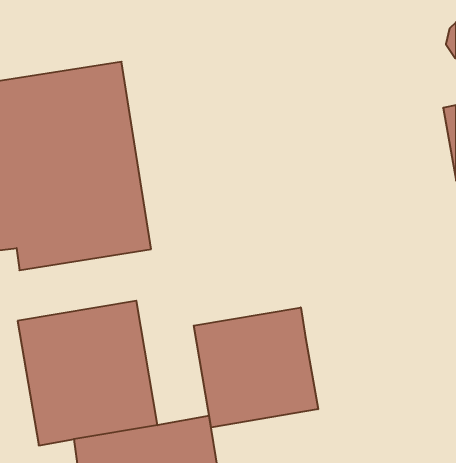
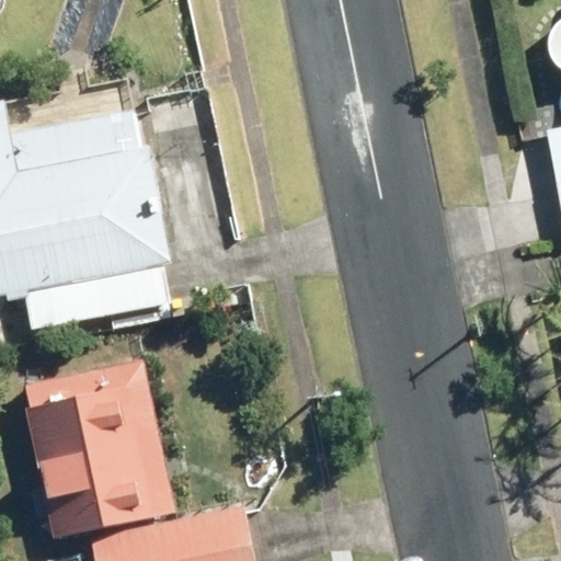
building: [194,307,318,428] -> none

